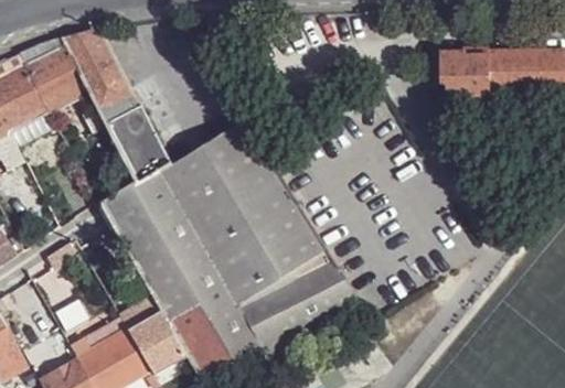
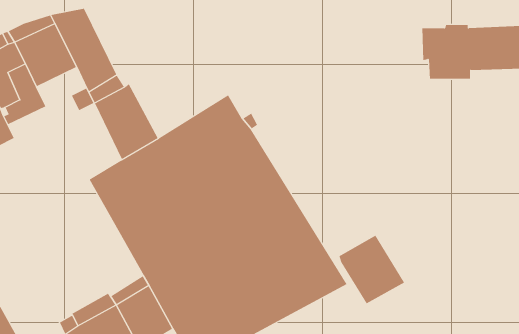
building: none -> [339,235,405,304]

